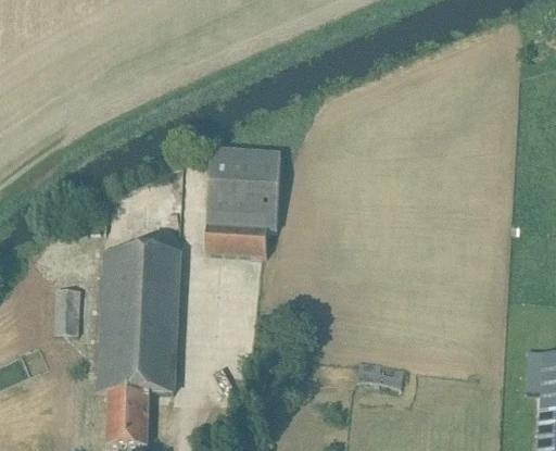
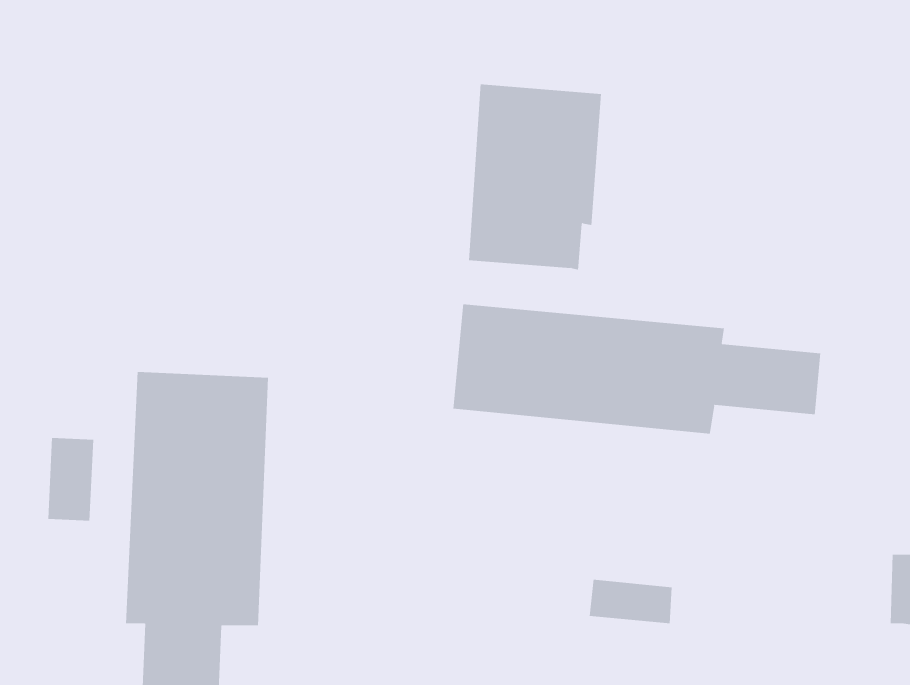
building: [205,149,280,253] -> [468,84,602,270]
building: none -> [453,303,821,435]

